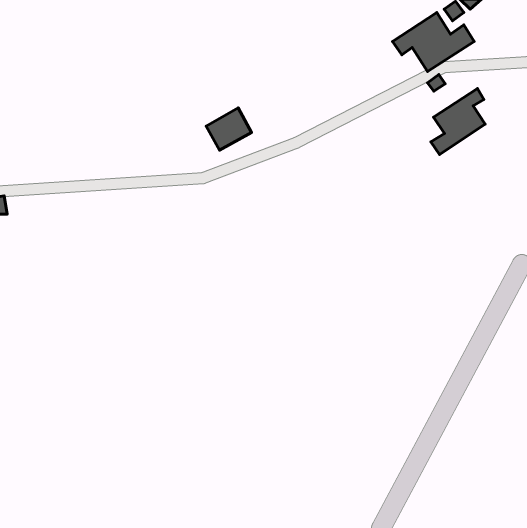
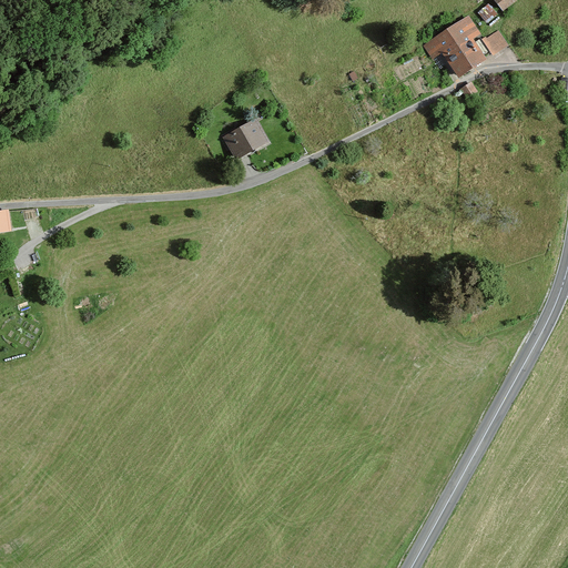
building: [431,89,485,154] -> none

